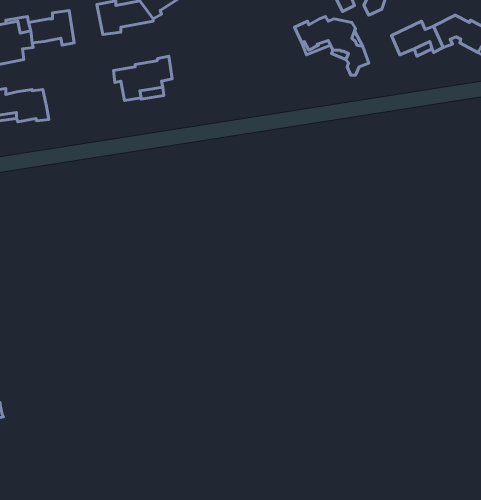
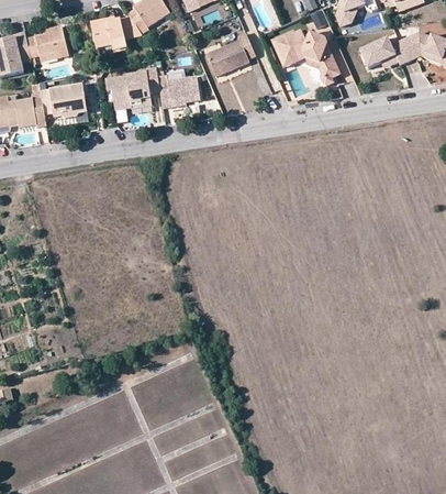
building: none -> [204,32,254,75]
building: none -> [159,76,199,107]
building: none -> [40,84,86,118]

